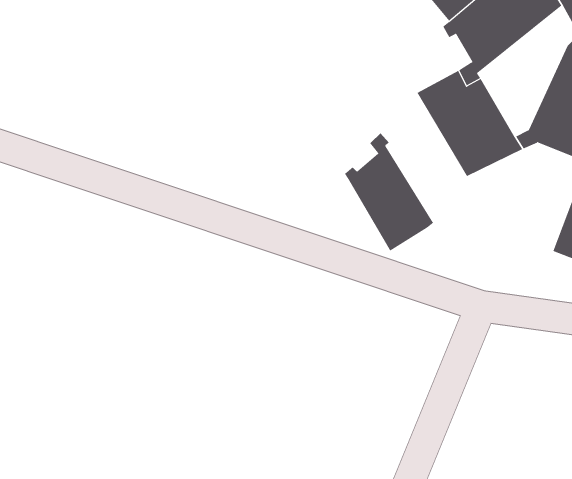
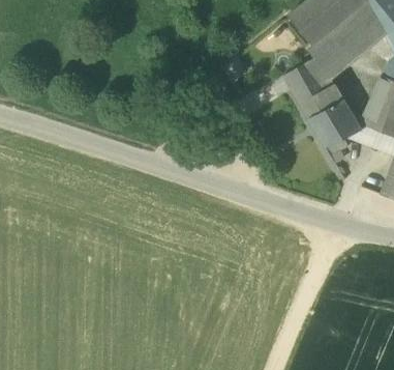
building: none -> [285,55,329,92]
building: [344,133,434,252] -> none

